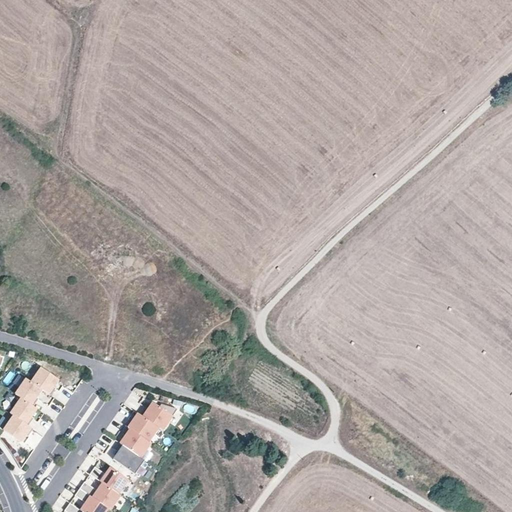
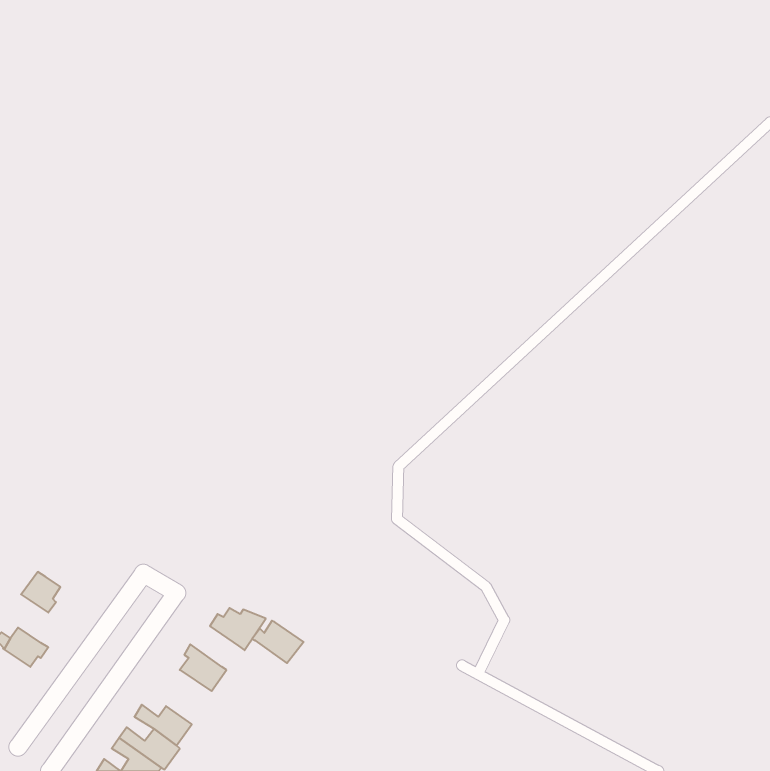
building: [30,367,58,396] -> none
building: [9,398,35,426] -> none
building: [124,414,158,442] -> [252,621,304,663]
building: [112,443,144,475] -> none

